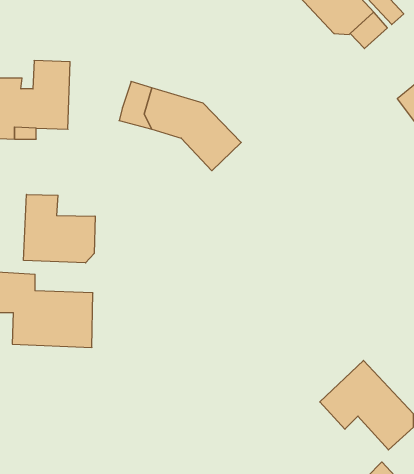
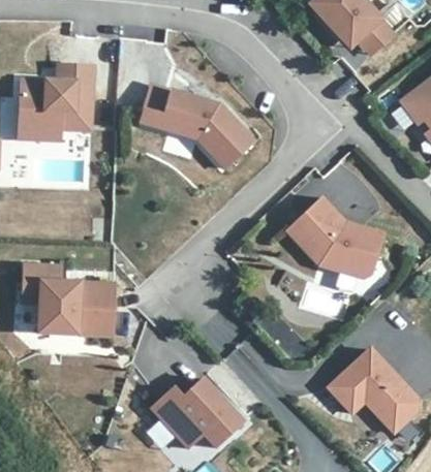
building: [24,194,95,263] -> none
building: none -> [286,196,384,276]
building: none -> [151,378,244,448]

